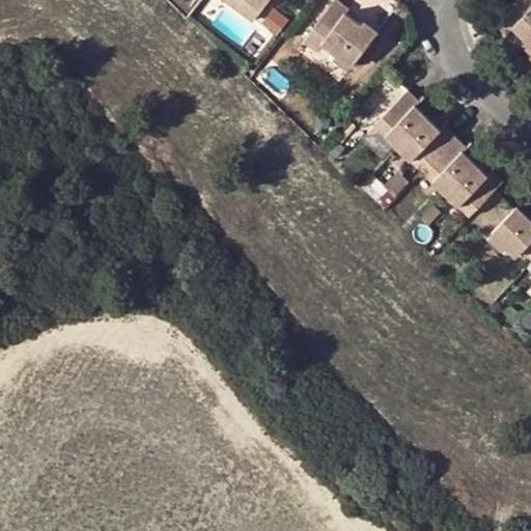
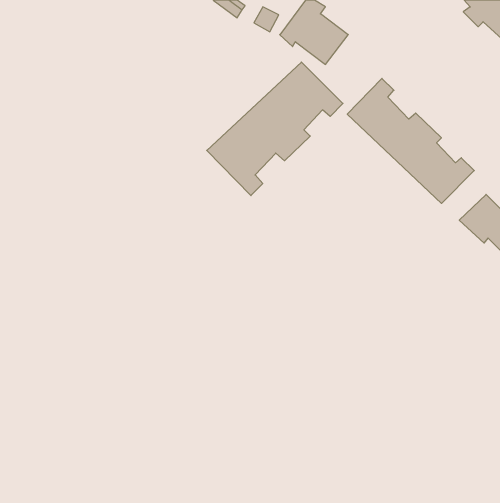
building: none -> [207,62,343,196]

